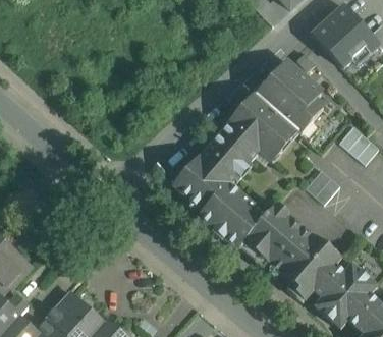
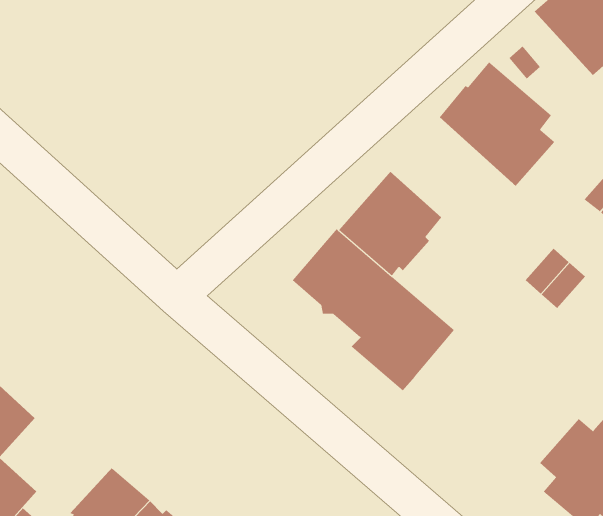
building: [227,93,297,162] -> none
building: [242,204,341,301] -> none

